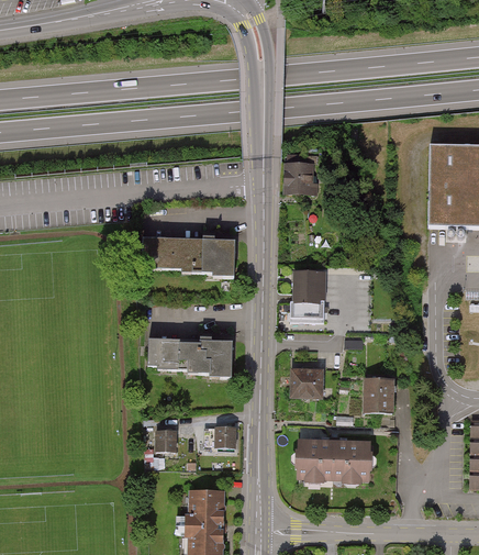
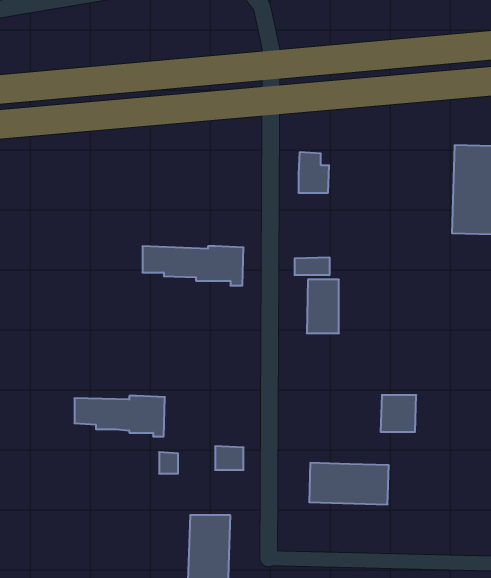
building: none -> [295,257,329,275]
building: [149,338,233,376] -> [74,396,165,436]
building: [292,368,321,396] -> none

